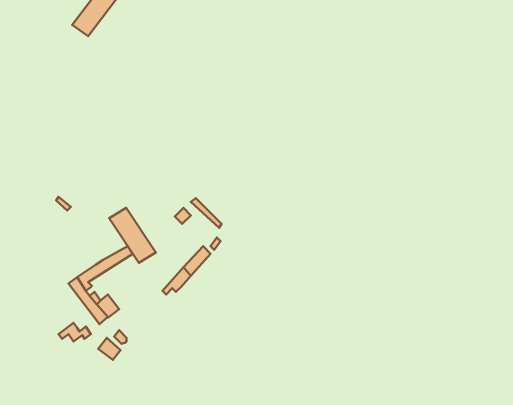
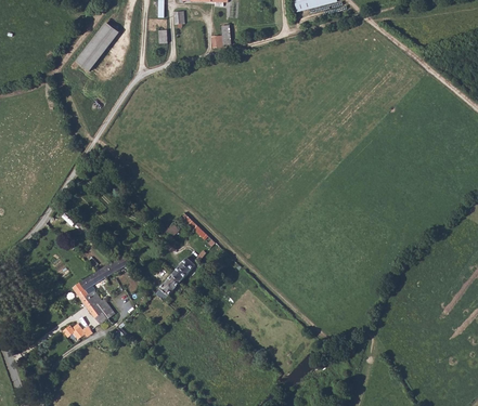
building: [109,208,156,263] -> none

